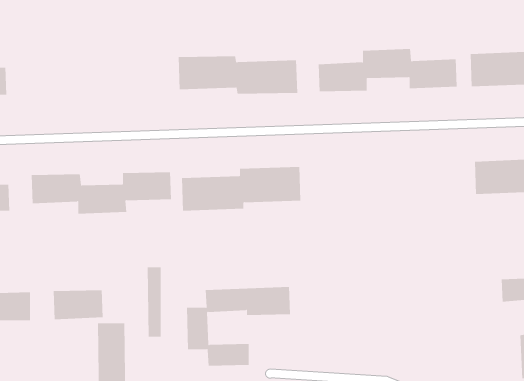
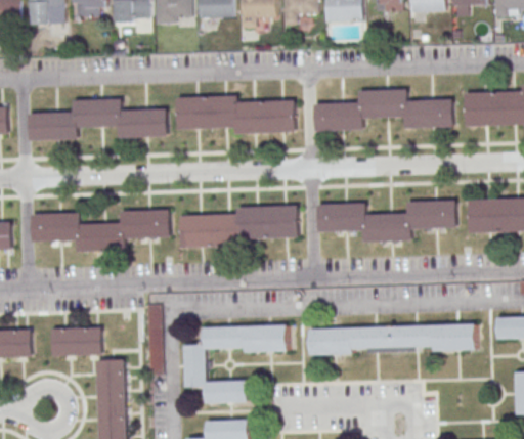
building: none -> [29,98,167,141]
building: none -> [317,200,456,242]
building: none -> [309,323,477,355]

